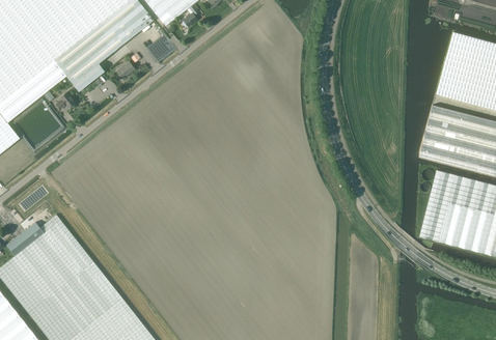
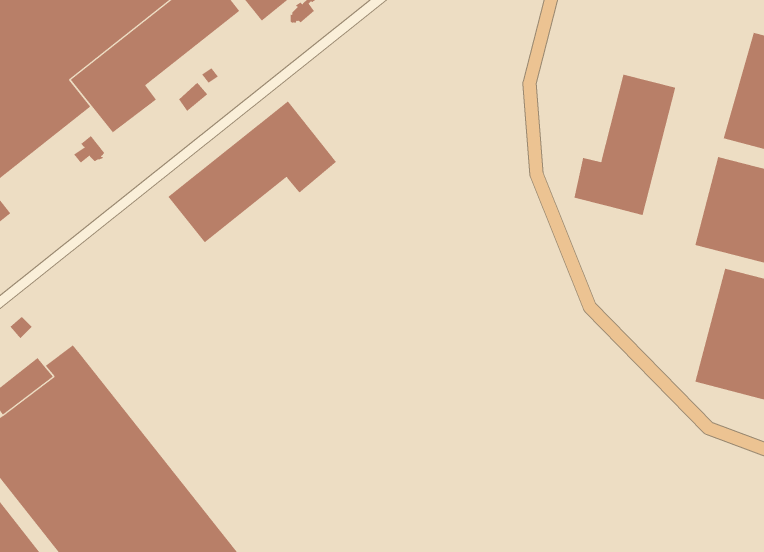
building: none -> [574,74,676,216]
building: none -> [167,100,337,243]

